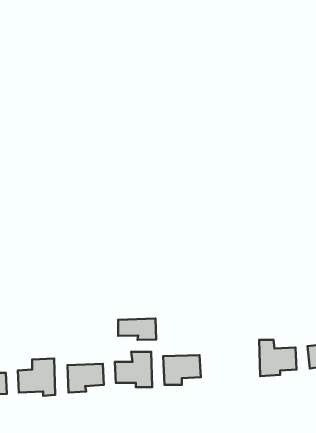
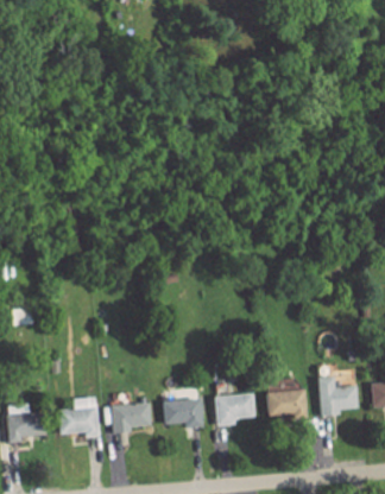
building: [118,318,156,340] -> none
building: none -> [267,391,307,416]

